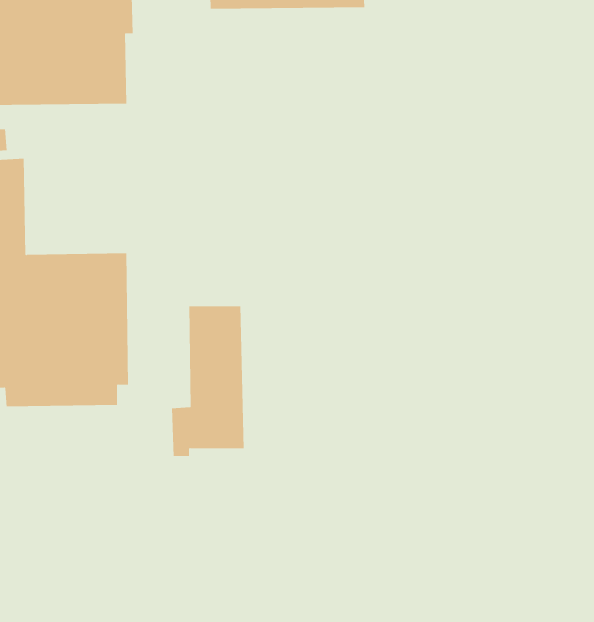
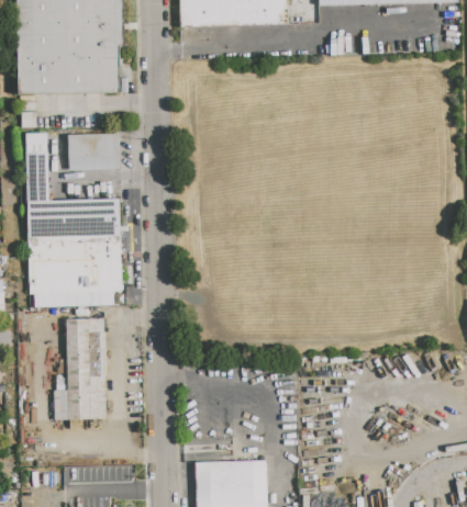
building: none -> [69,134,120,169]
building: [171,306,244,456] -> [55,318,107,425]

